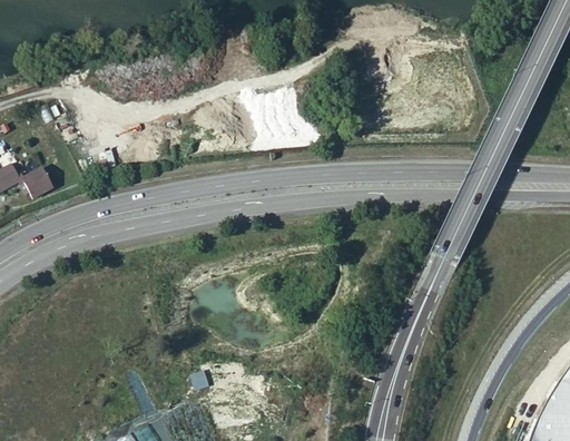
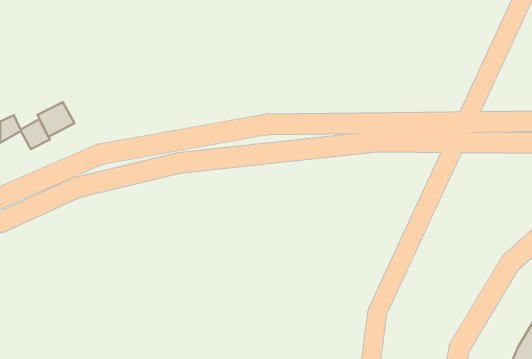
building: none -> [38,102,75,137]

